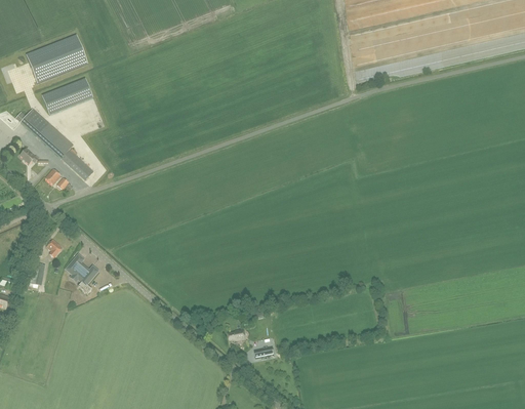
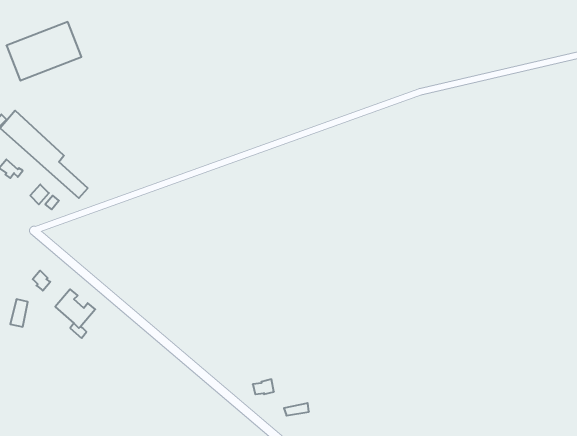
building: [42,77,92,114] -> none

